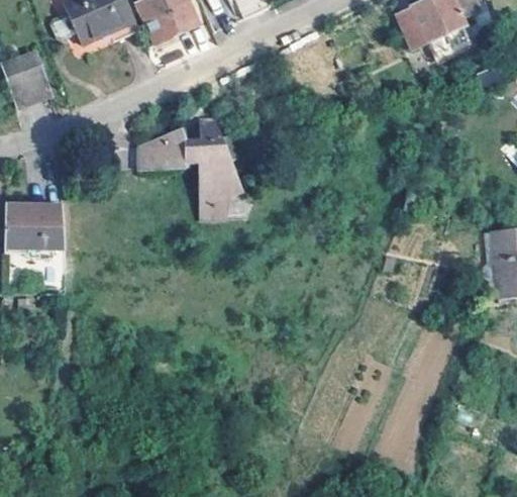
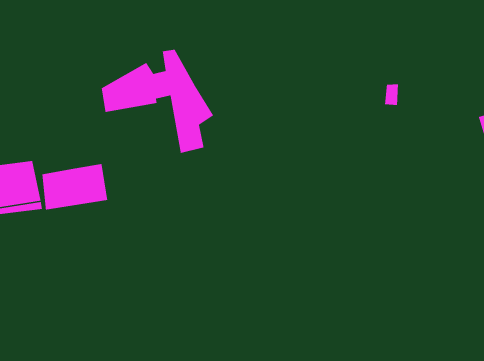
building: none -> [41,163,108,210]

